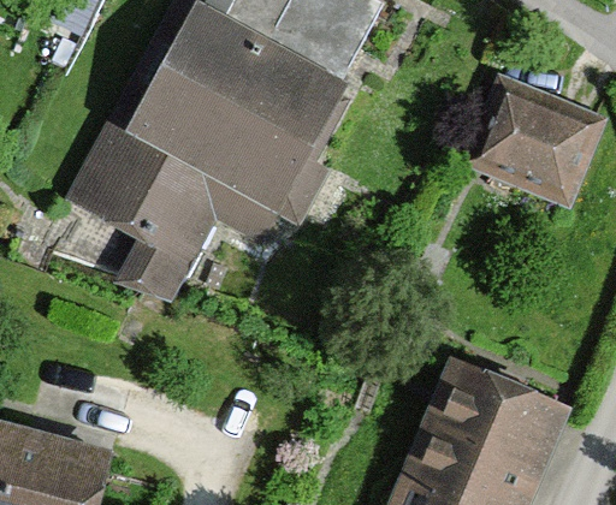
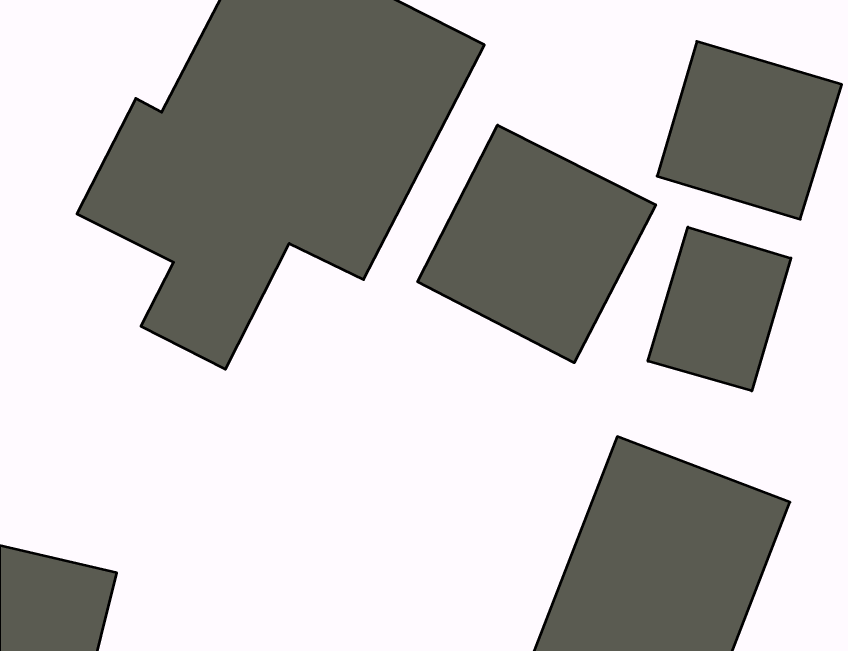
building: none -> [418,125,656,363]
building: none -> [648,227,791,391]

